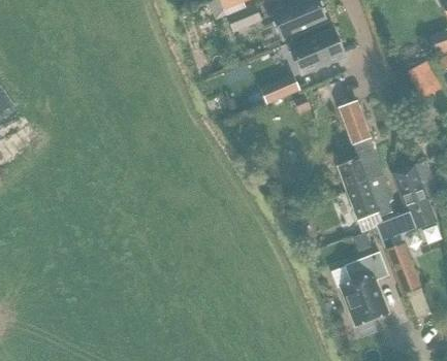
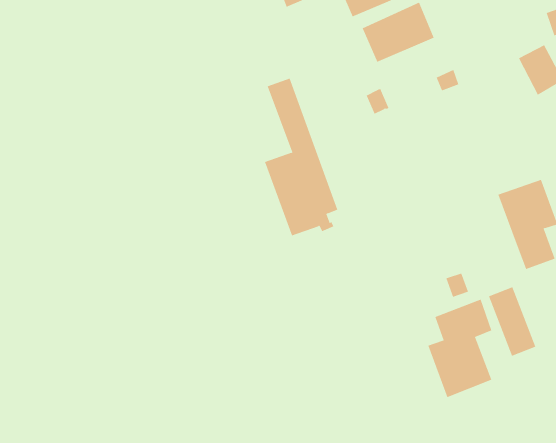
building: [261,74,300,104] -> none
building: [339,101,394,220] -> [264,78,338,236]
building: [376,212,414,241] -> none

